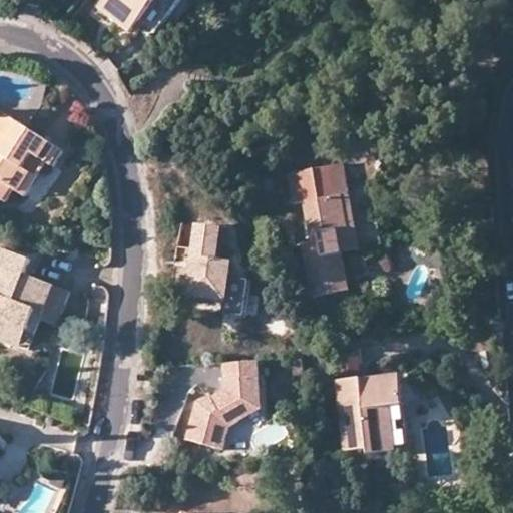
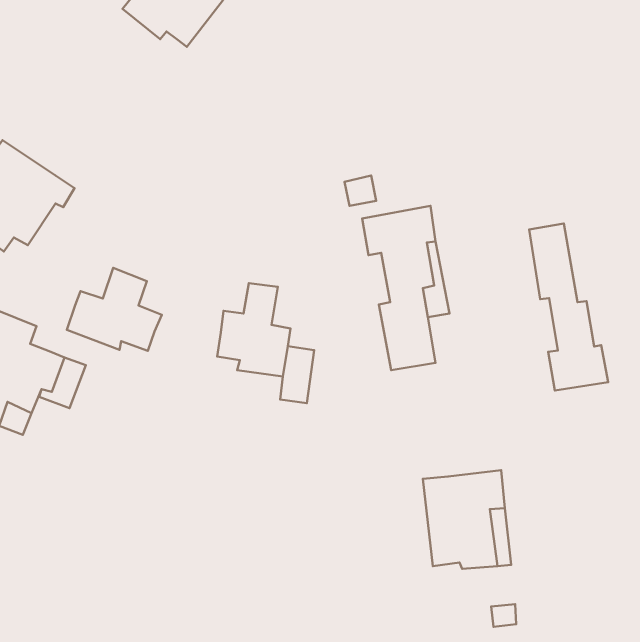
building: none -> [529,223,608,391]
building: none -> [67,268,162,351]
building: [184,360,261,449] -> none

